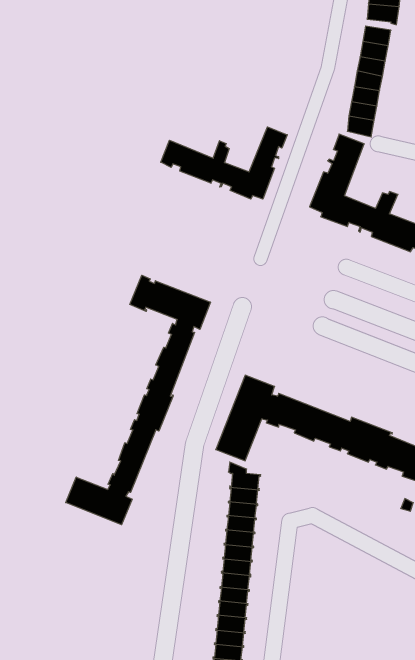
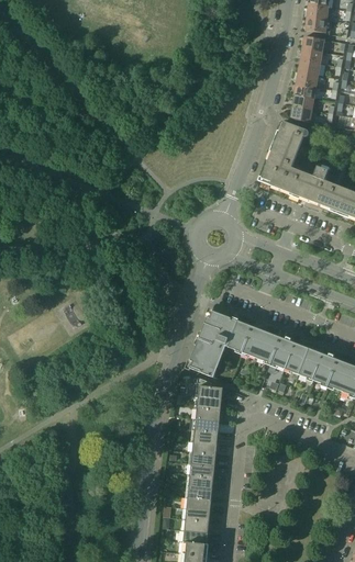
building: [161,127,287,199] -> none
building: [66,275,210,525] -> none

